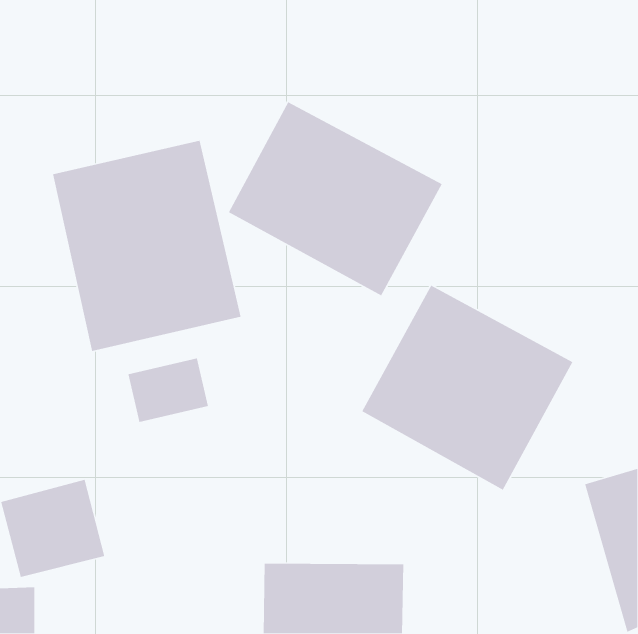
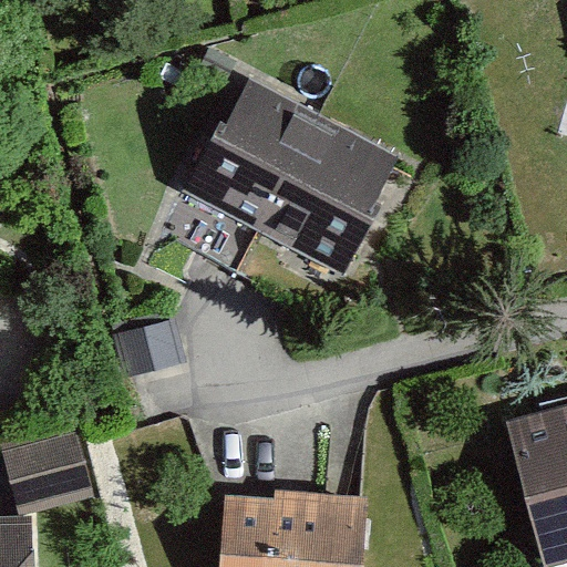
building: [52,140,241,352] -> none
building: [361,284,573,491] -> none

